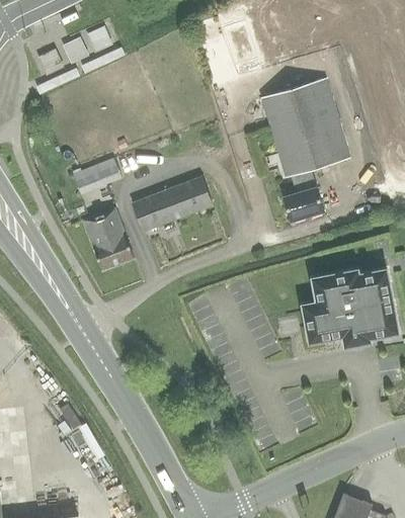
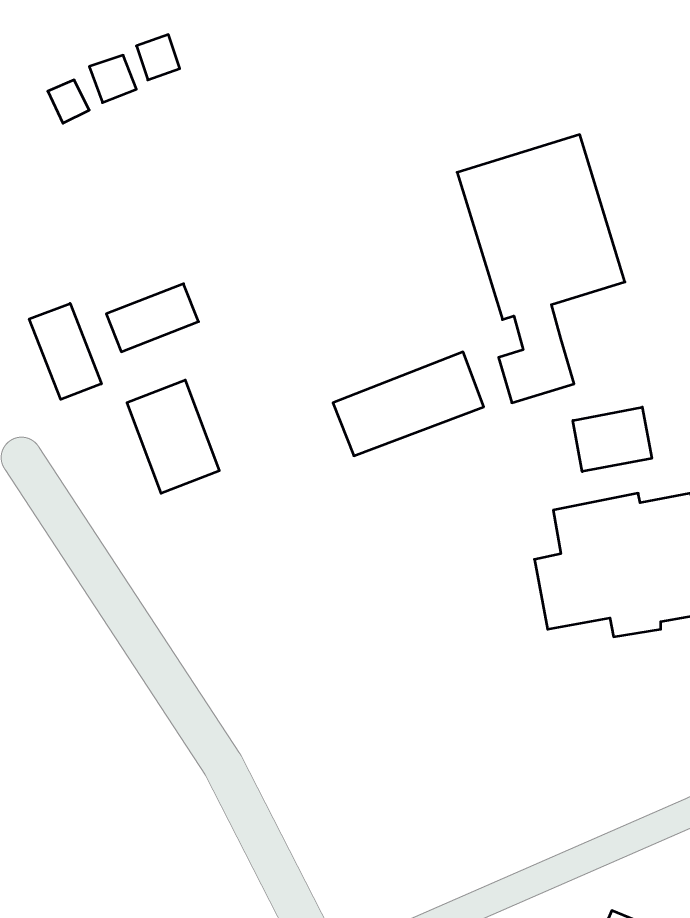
building: none -> [29,303,101,399]
building: [132,176,213,232] -> [333,352,484,456]
building: none -> [573,407,652,472]

